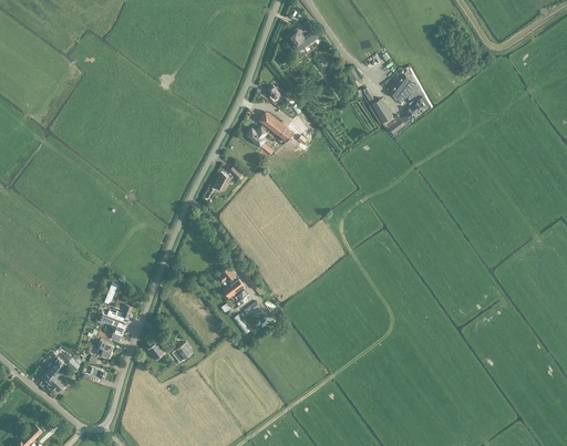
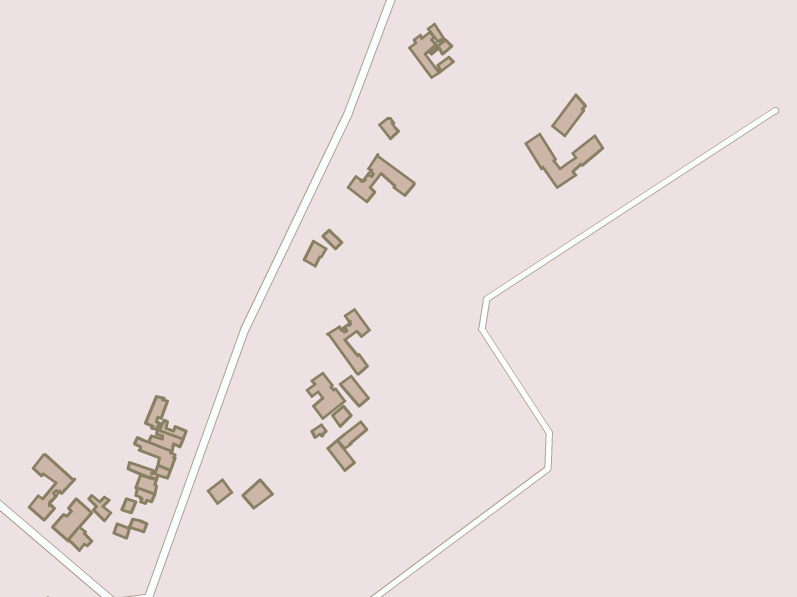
building: none -> [327,310,369,374]
building: none -> [29,454,75,520]

